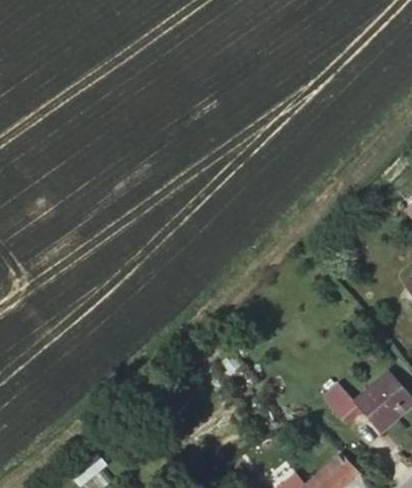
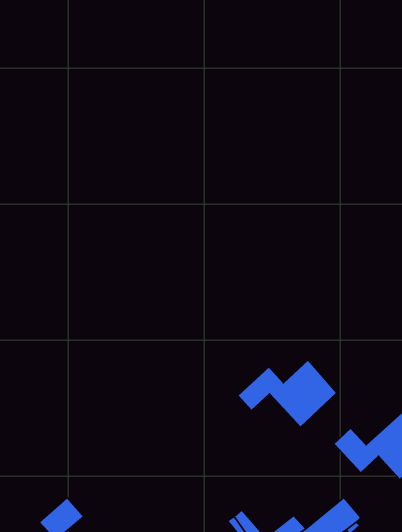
building: none -> [238,360,337,427]

